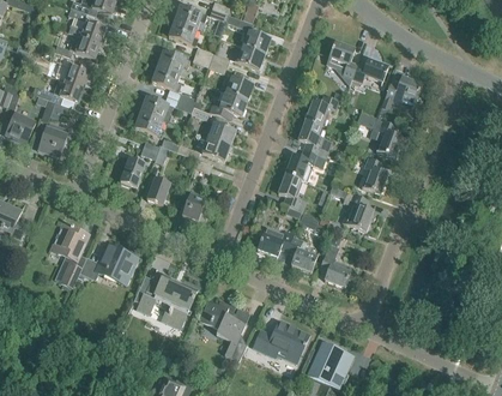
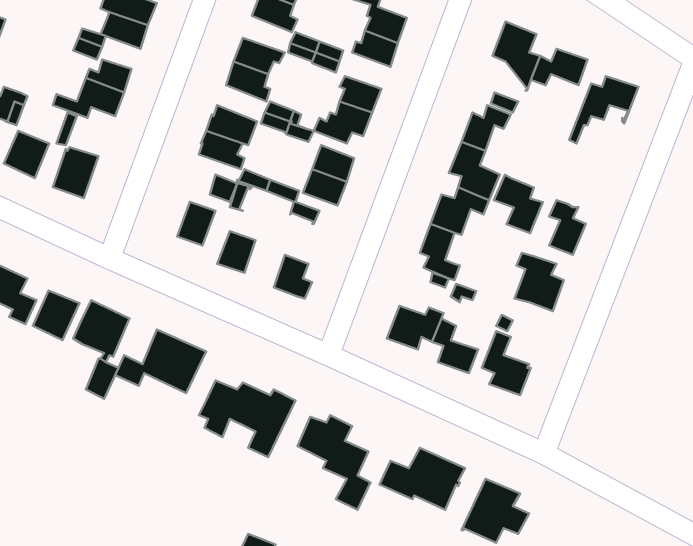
building: [370,118,403,156] -> [494,175,543,233]
building: none -> [33,290,80,340]

